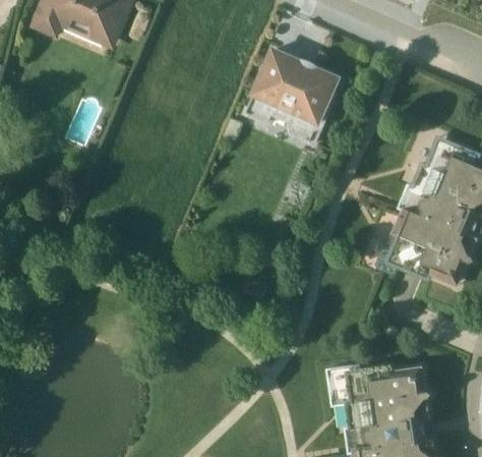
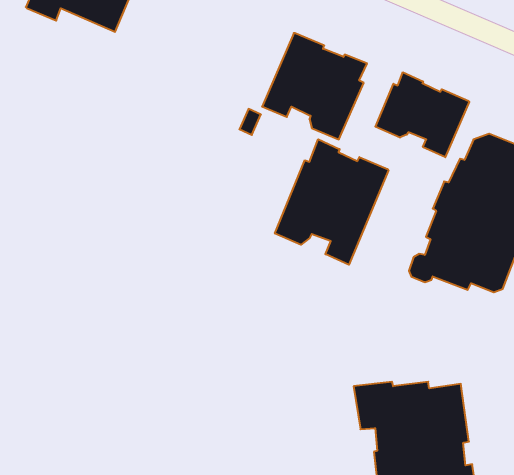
building: none -> [375,72,469,157]
building: none -> [275,139,388,265]

